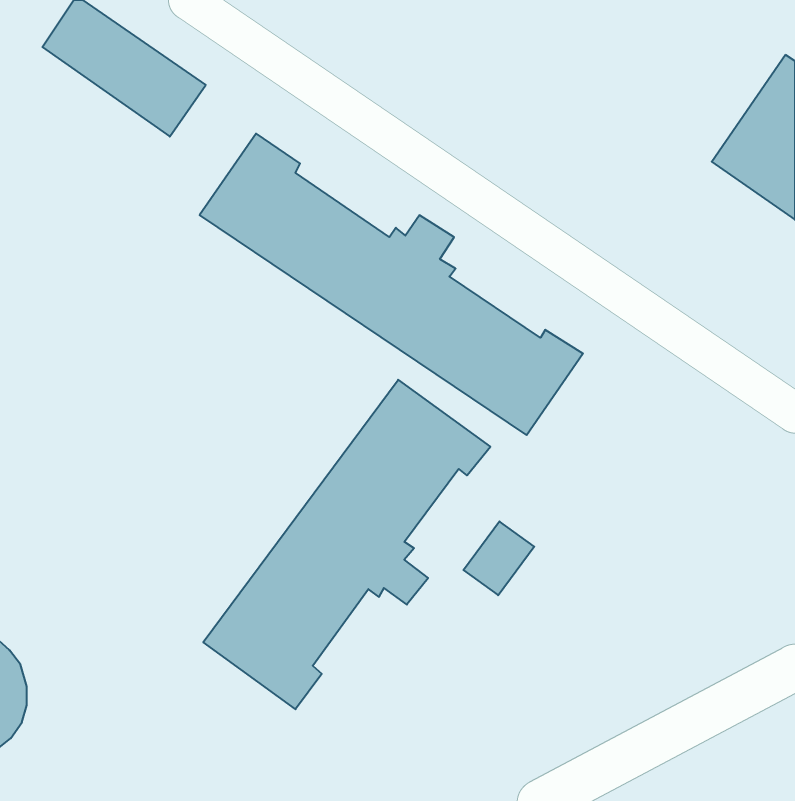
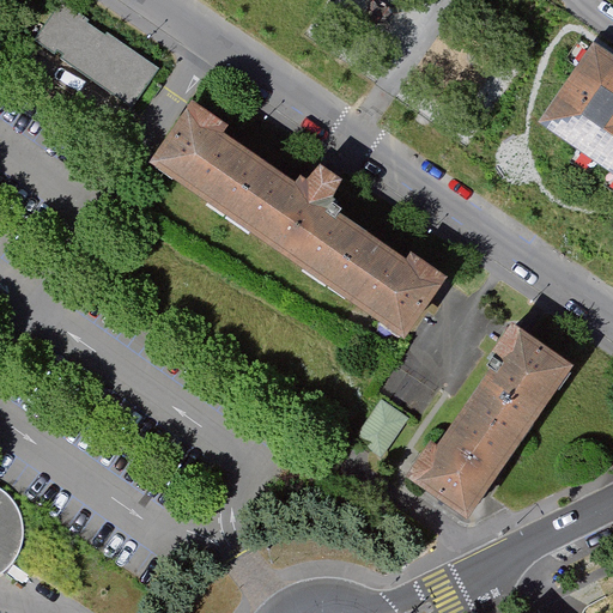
building: [203,380,490,709] -> none
building: none -> [407,324,571,517]

